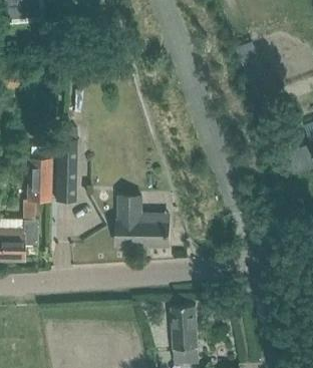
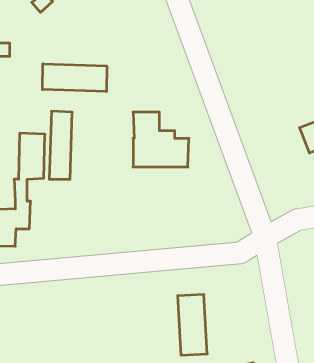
building: none -> [42,64,107,92]
building: [119,196,171,246] -> [133,112,189,167]

